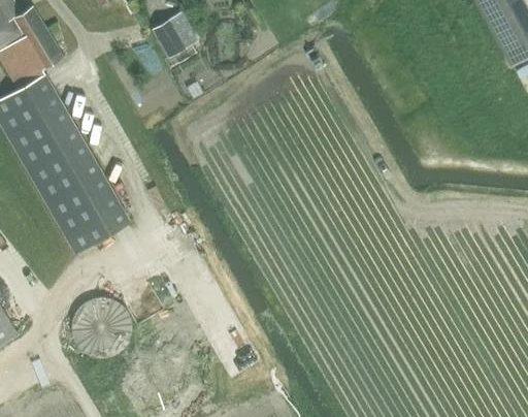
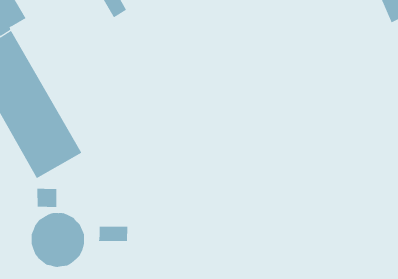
building: none -> [37,188,57,208]
building: none -> [99,226,128,242]

